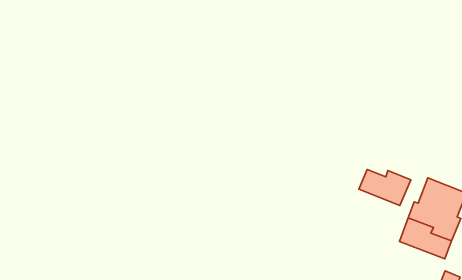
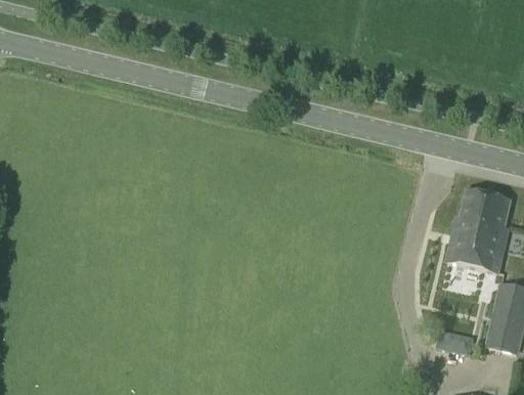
building: [359,169,411,206] -> none

